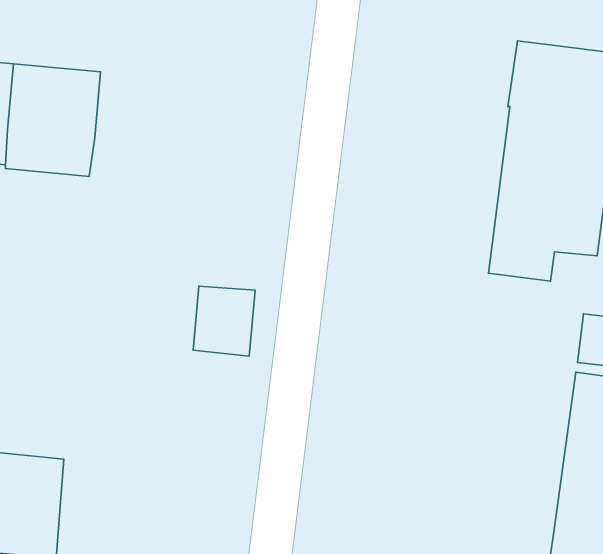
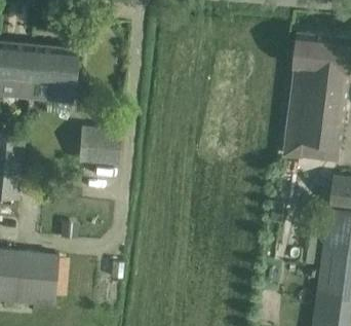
building: [193,286,255,356] -> [87,129,120,166]

